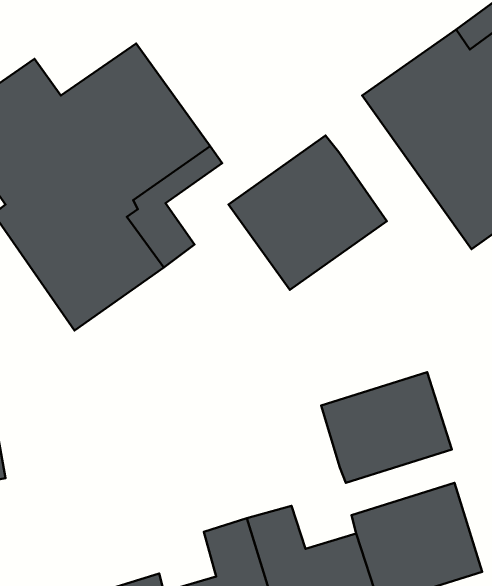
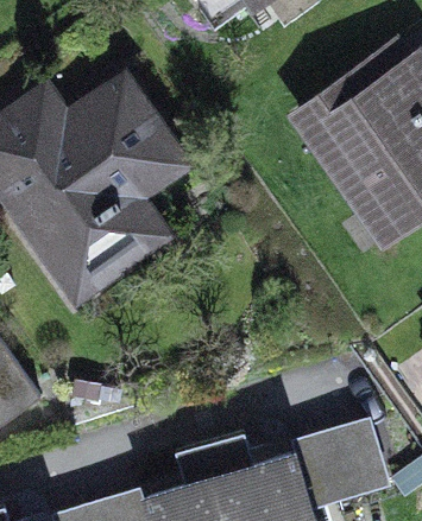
building: [228,135,387,290] -> none
building: [321,372,452,483] -> none

